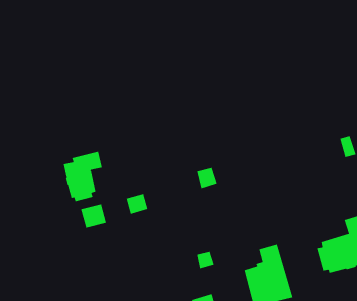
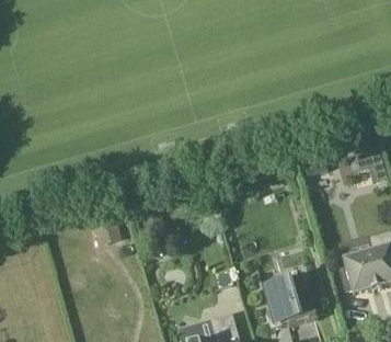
building: [63,151,102,202] -> none

